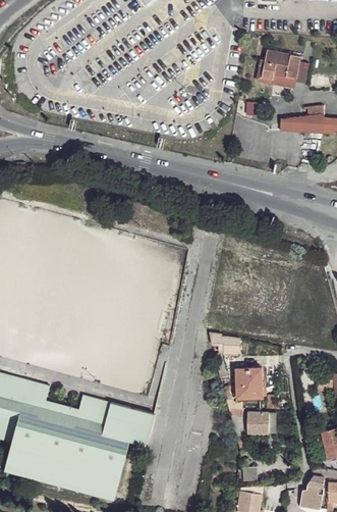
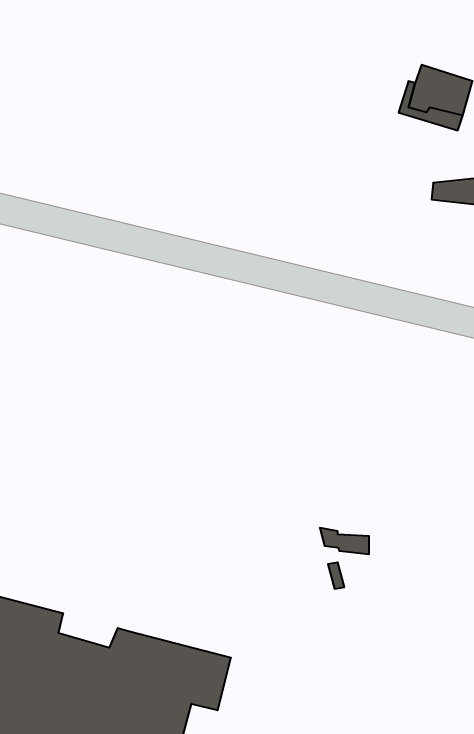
building: [235,369,263,399] -> none
building: [246,413,269,436] -> none

